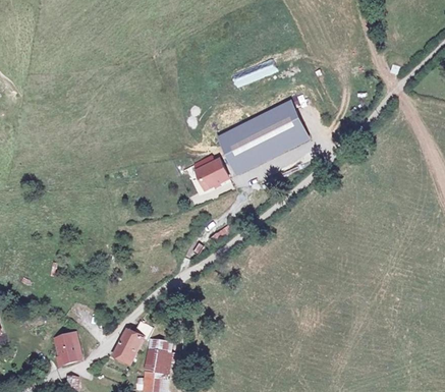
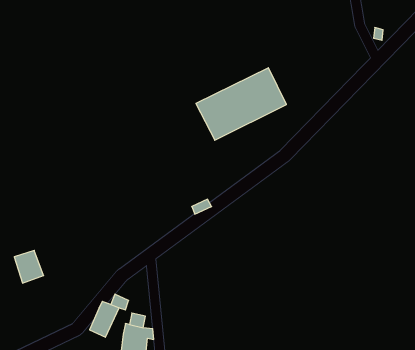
building: [194,159,226,189] -> none
building: [56,335,85,367] -> [14,250,44,283]

